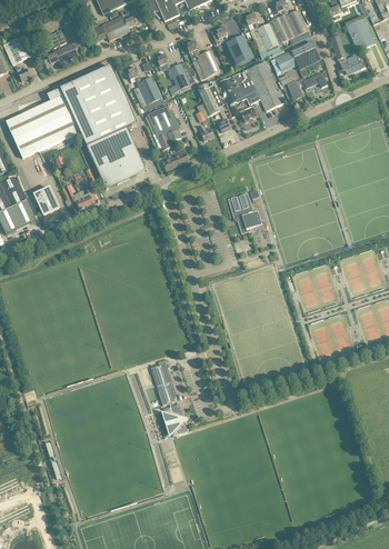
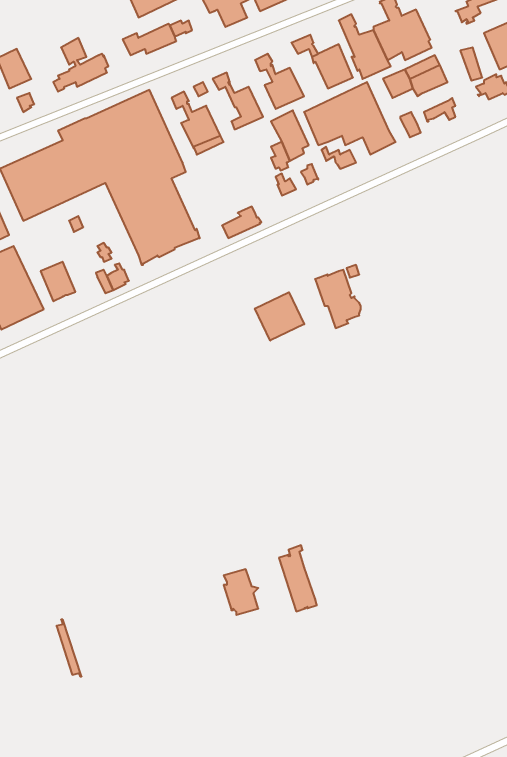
building: [144,103,180,150] -> none
building: none -> [255,292,304,341]
building: [150,357,177,403] -> [279,545,317,611]

